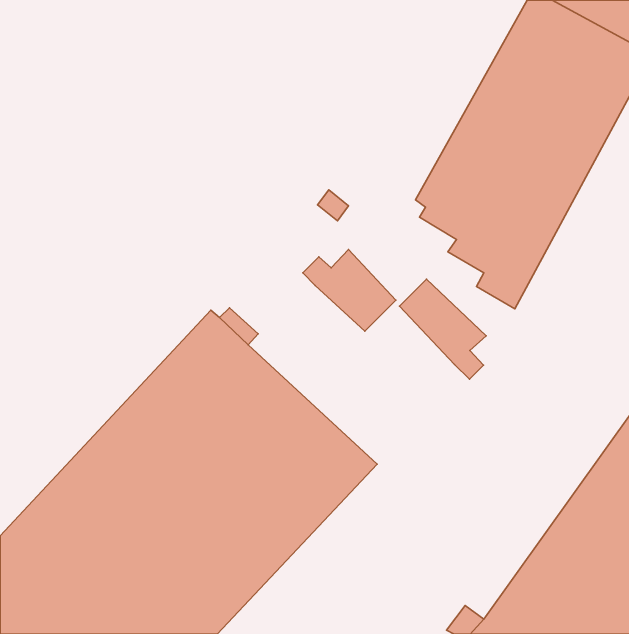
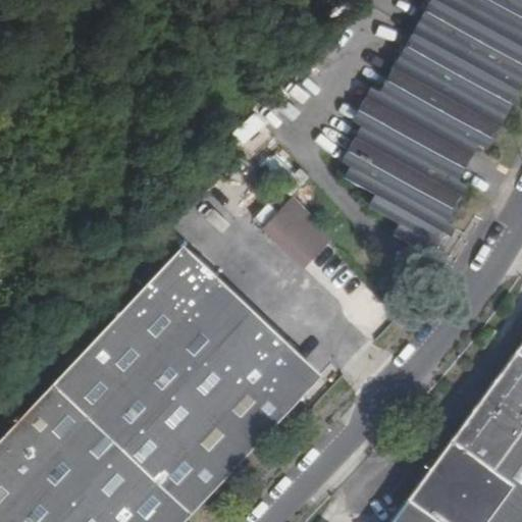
building: [400,279,486,379] -> none

